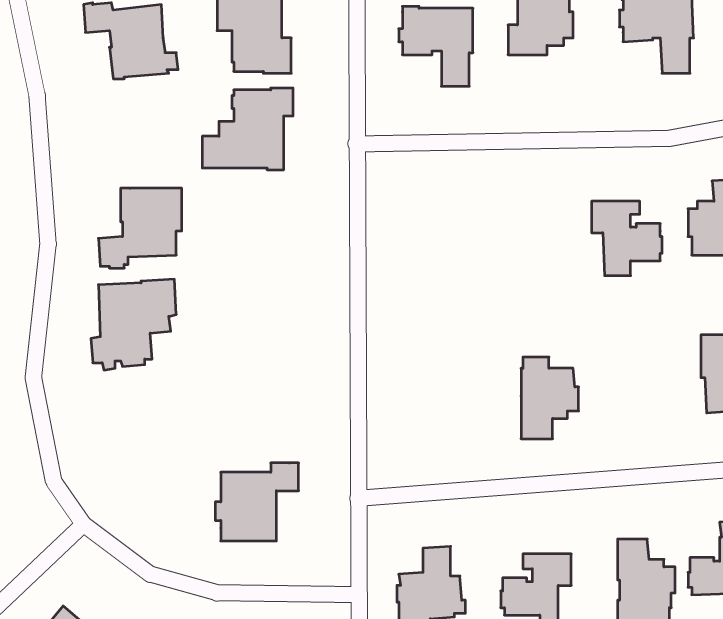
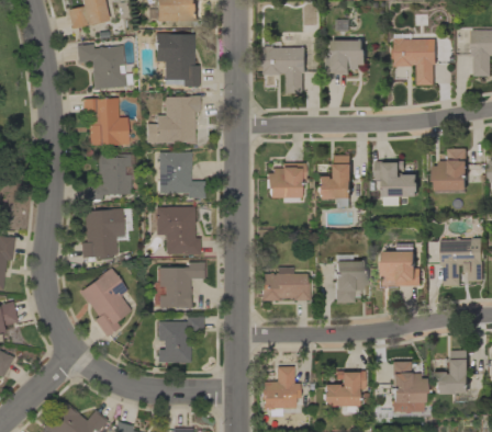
building: none -> [83,96,130,144]
building: none -> [158,151,205,197]
building: none -> [317,156,354,206]
building: none -> [267,162,306,197]
building: none -> [157,206,201,253]
building: none -> [383,243,423,286]
building: none -> [154,261,205,307]
building: none -> [81,266,132,336]
building: none -> [261,266,311,299]

